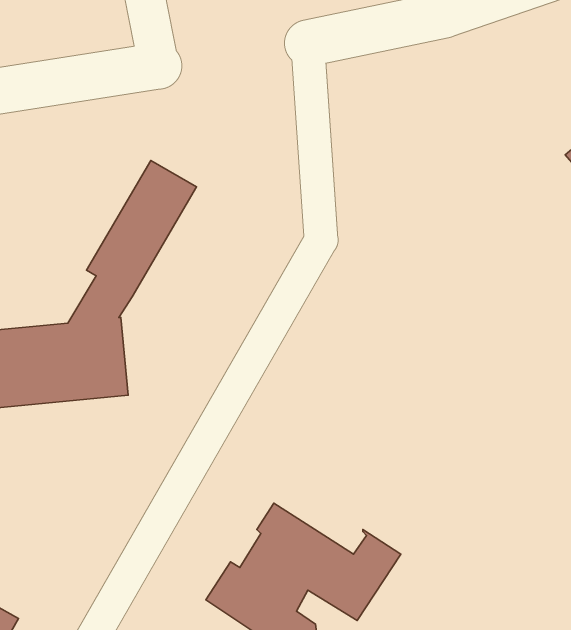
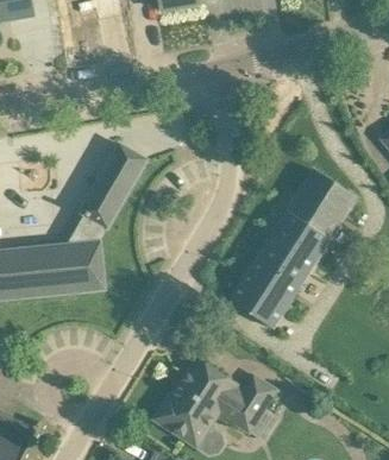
building: none -> [230,169,356,328]

